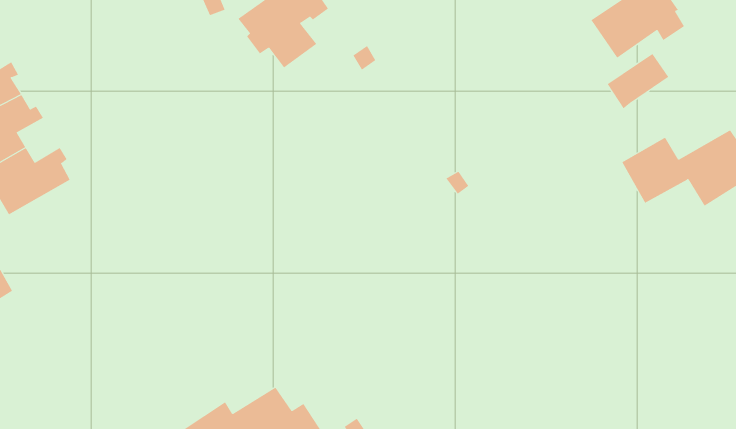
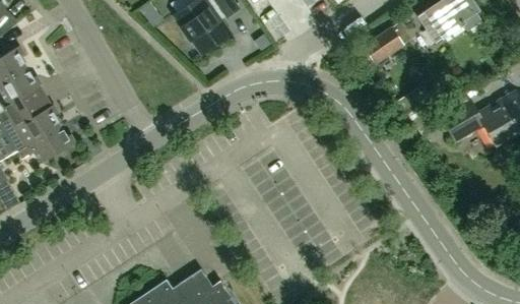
building: [607,53,669,109] -> [360,28,402,67]
building: none -> [17,127,75,164]

